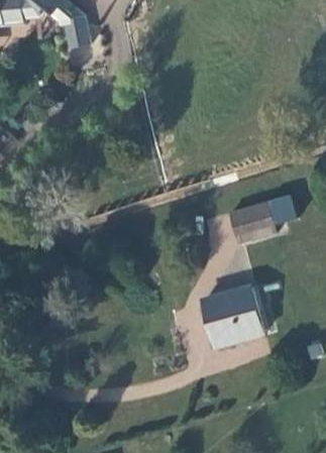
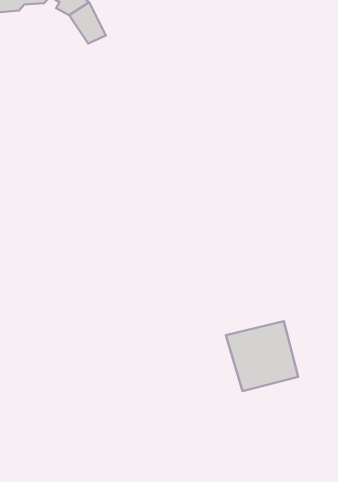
building: [229,202,277,242] -> none

